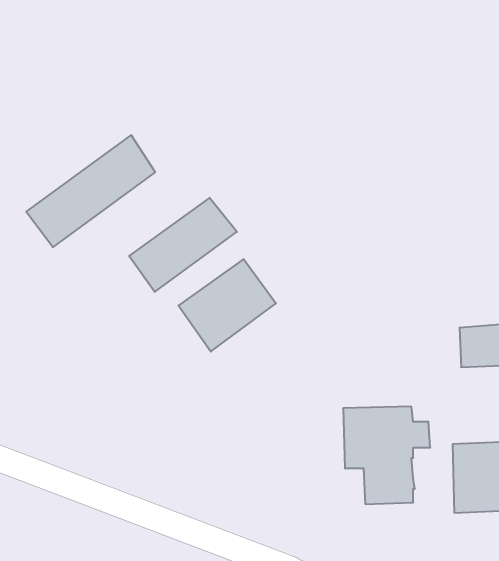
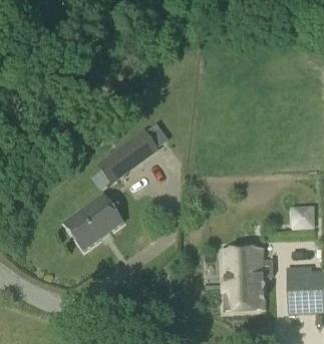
building: [26,135,155,247] -> none
building: [178,259,276,352] -> [66,195,123,249]

